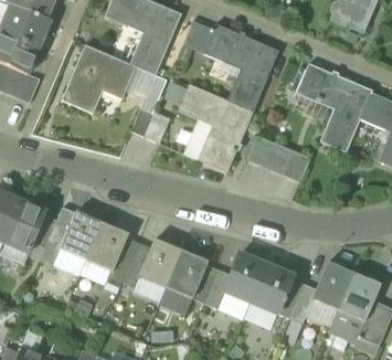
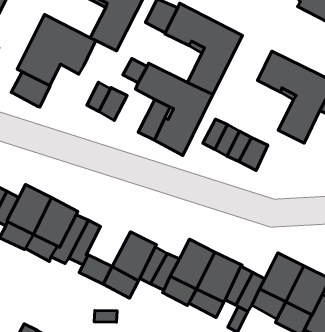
building: [125,65,168,105] -> none
building: none -> [11,72,50,107]
building: [139,240,181,286] -> none

